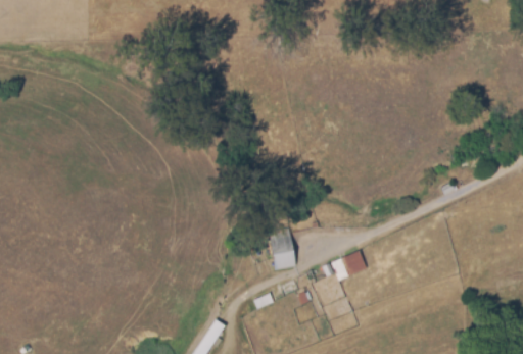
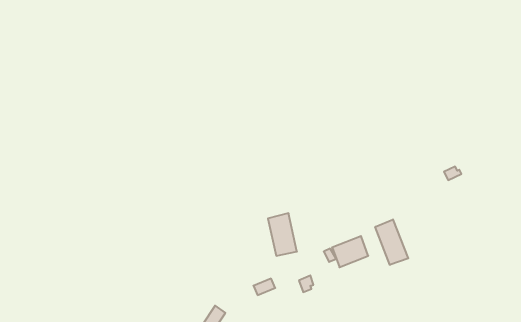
building: none -> [375,219,408,265]

